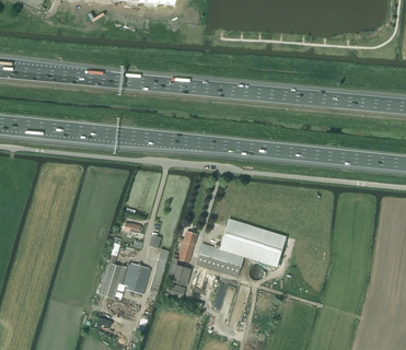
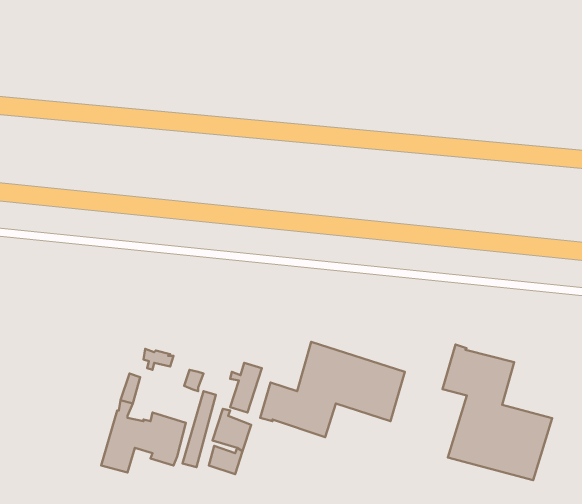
building: none -> [442,345,552,480]

